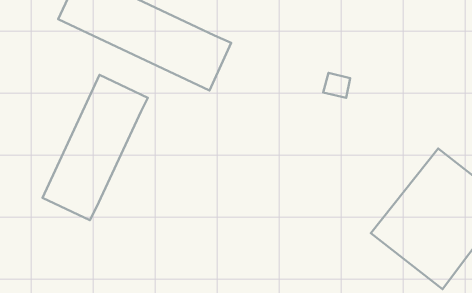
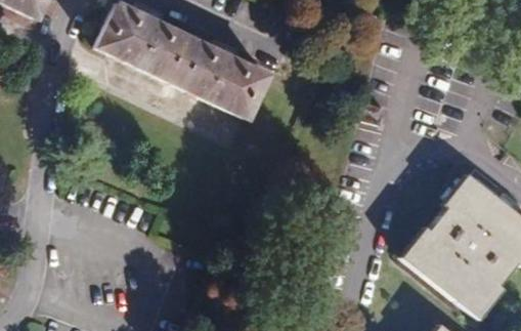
building: [42,75,148,220] -> none

